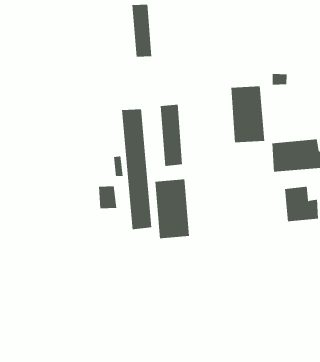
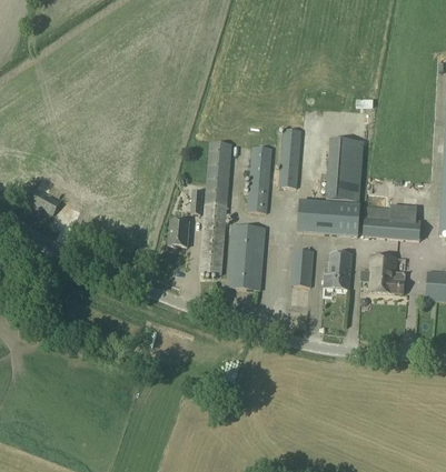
building: [132,4,152,57] -> [278,128,300,187]
building: none -> [297,200,360,235]
building: none -> [323,251,351,289]
building: none -> [290,249,313,285]

